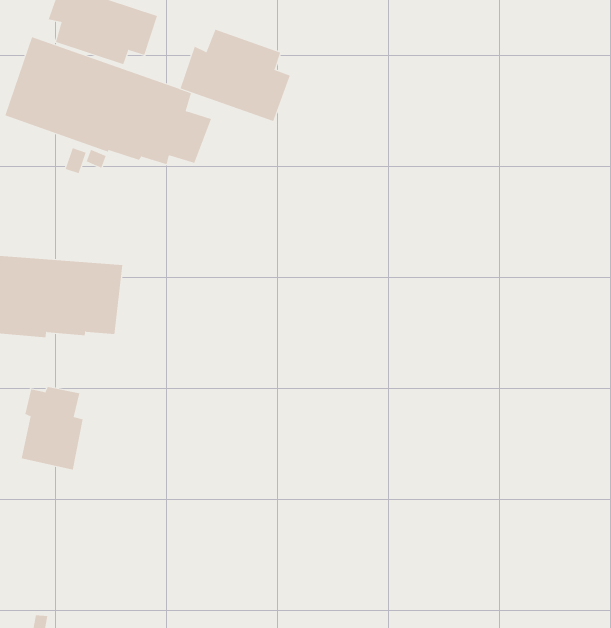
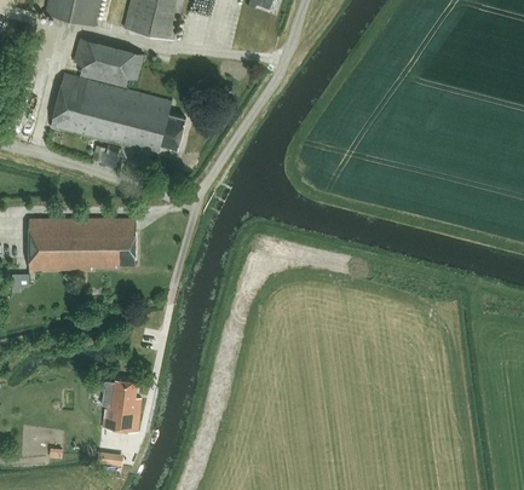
building: [180,29,291,122] -> none
building: [21,387,83,470] -> [102,379,140,432]

